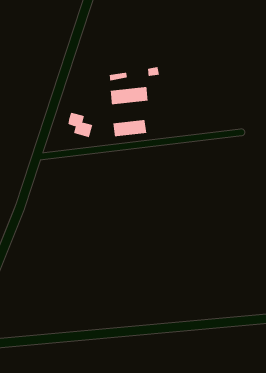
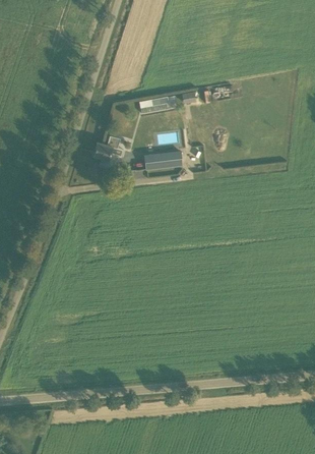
building: [110,86,148,105] -> none

